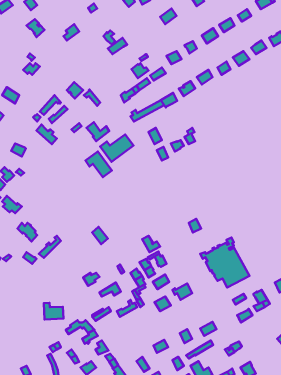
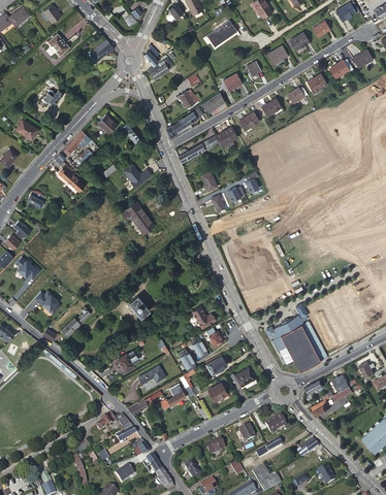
building: [100,134,134,162] -> none
building: [44,303,63,319] -> none

